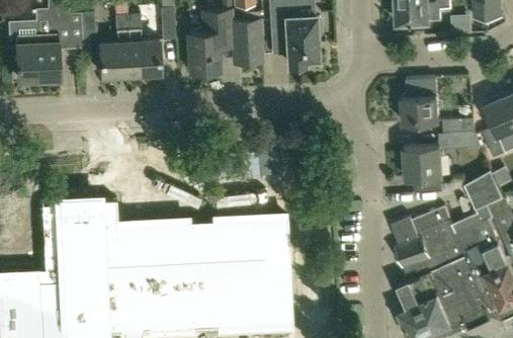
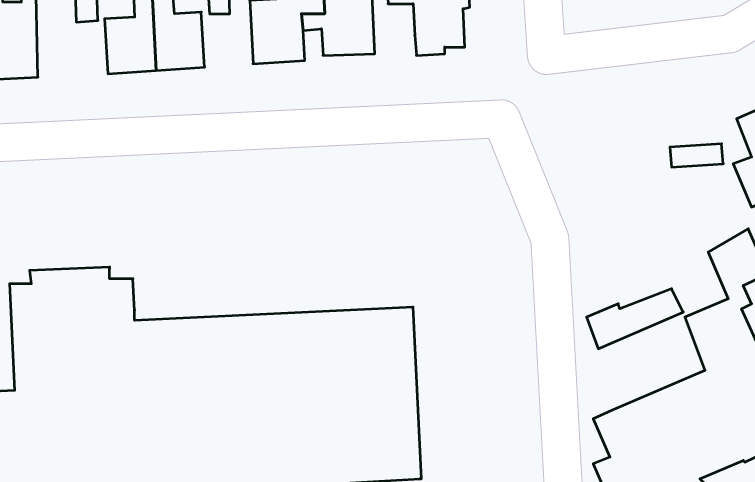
building: [400,79,439,124] -> none
building: [443,132,481,150] -> none
building: [403,147,441,193] -> none
building: [395,222,463,281] -> none

